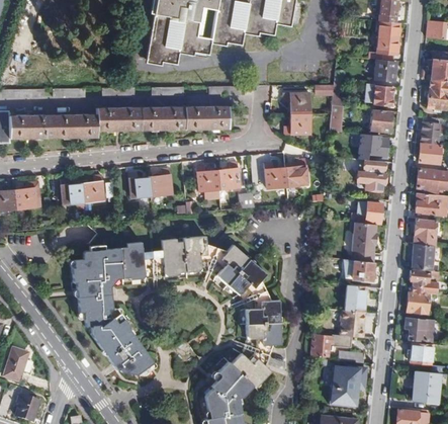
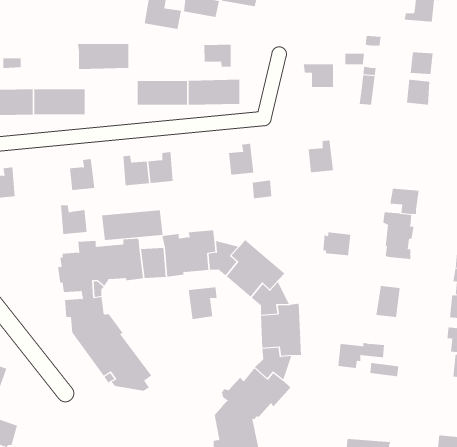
building: [372,59,396,79] -> none
building: none -> [204,44,231,67]
building: [96,108,141,131] -> [77,43,129,70]
building: [283,114,309,136] -> none
building: [358,134,388,155] -> none
building: [354,158,385,189] -> none
building: [265,163,288,189] -> none
building: [197,166,220,191] -> none
building: [62,179,85,204] -> [60,205,87,235]
building: none -> [101,209,163,241]
building: [350,259,374,279] -> [323,232,351,256]
building: none -> [188,286,217,320]
building: [339,308,364,335] -> none
building: [328,365,364,405] -> none

